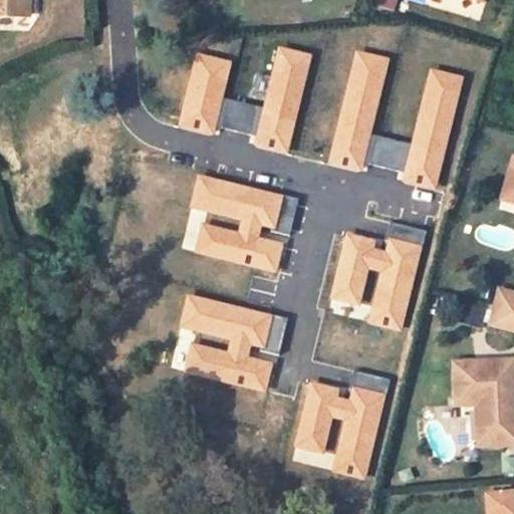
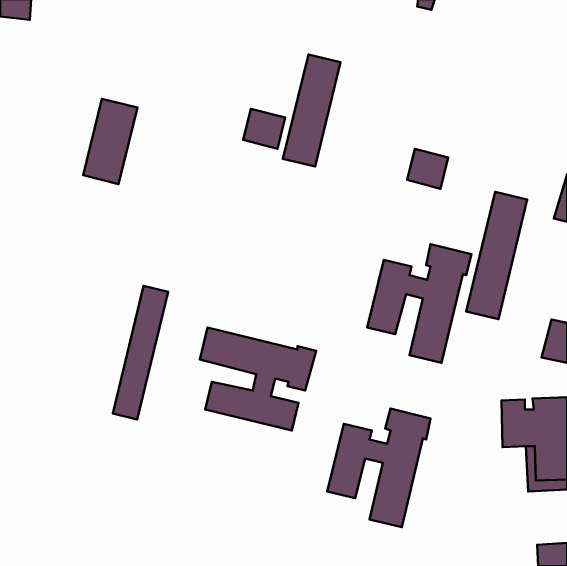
building: [330,53,387,169] -> none
building: [180,55,229,133] -> [83,99,137,184]
building: [405,71,460,187] -> [466,192,527,319]
building: [192,177,298,270] -> none
building: none -> [113,286,168,419]

